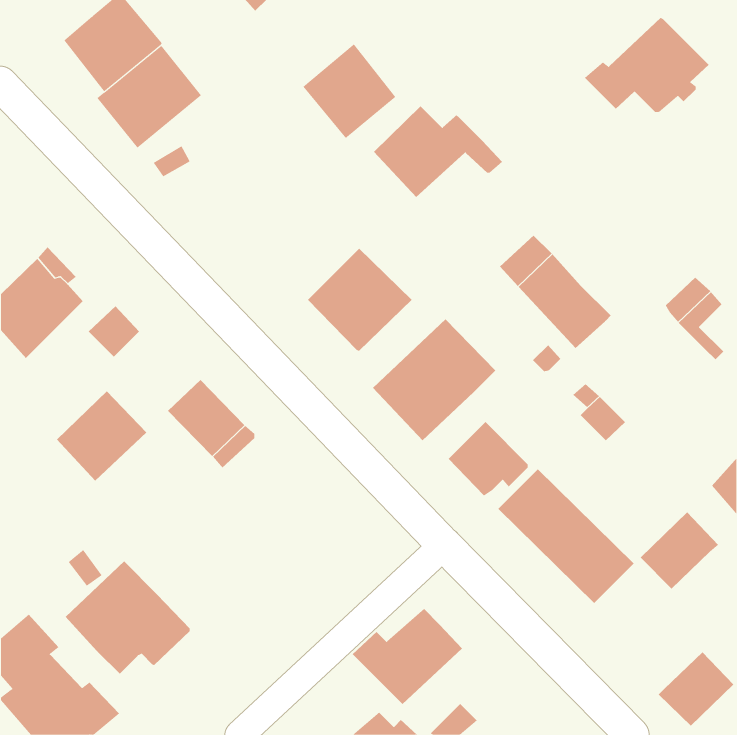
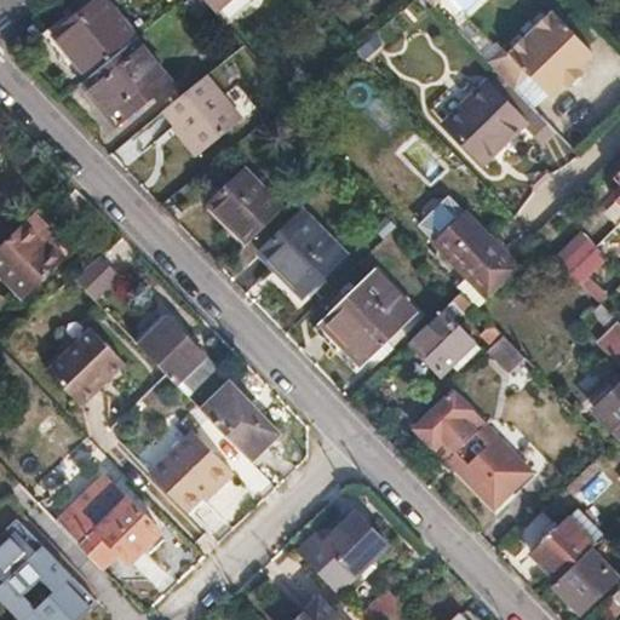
building: [302,44,396,139] -> [163,71,242,151]
building: [373,106,503,198] -> [446,84,555,161]
building: none -> [209,168,282,242]
building: [448,421,529,496] -> [409,309,477,372]
building: none -> [201,383,277,461]
building: [640,512,719,589] -> [530,513,597,579]
building: none -> [153,430,234,509]

